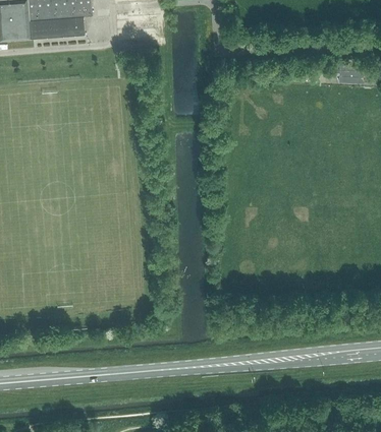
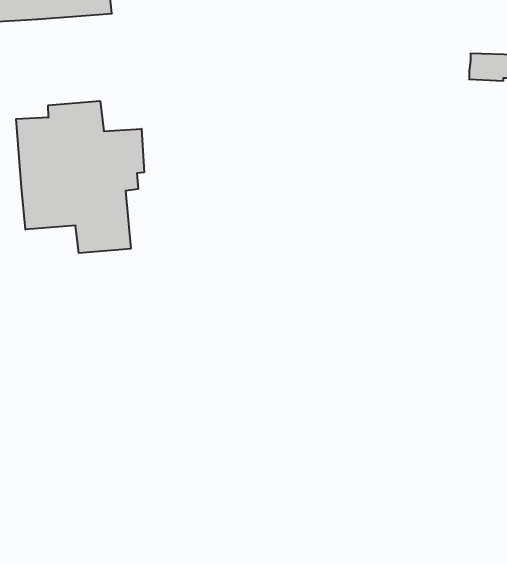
building: none -> [16,101,144,253]

